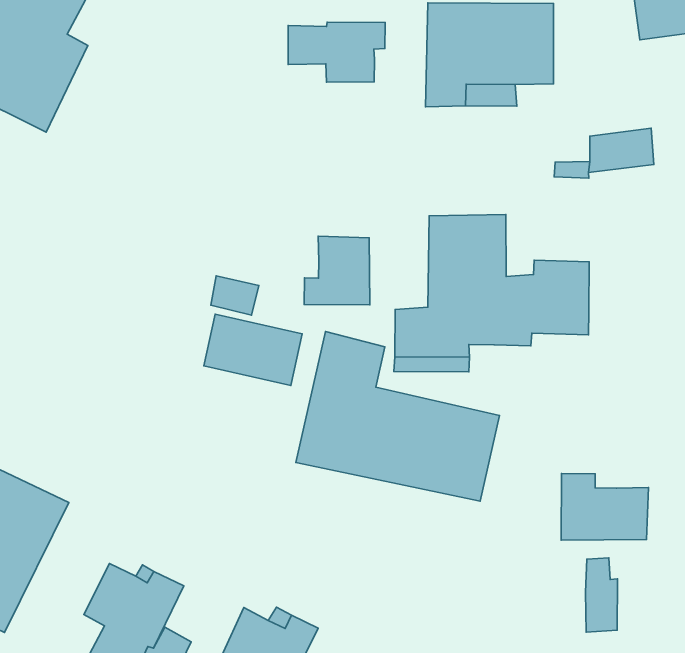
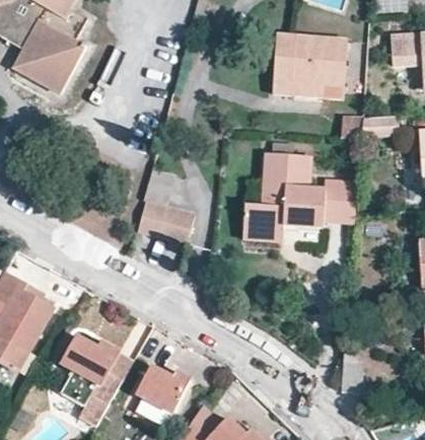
building: [288,22,385,82] -> none
building: [304,236,370,305] -> none
building: [296,332,500,501] -> none
building: [561,473,649,540] -> none

